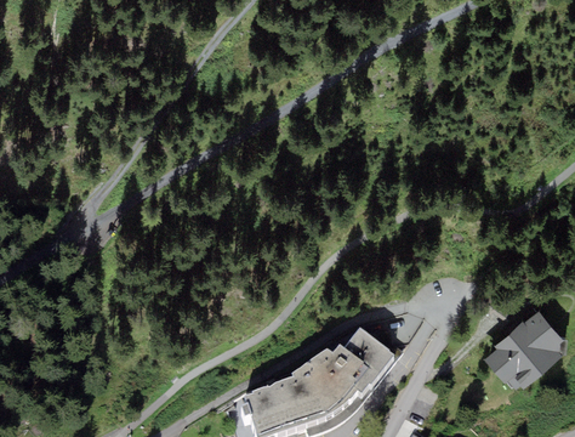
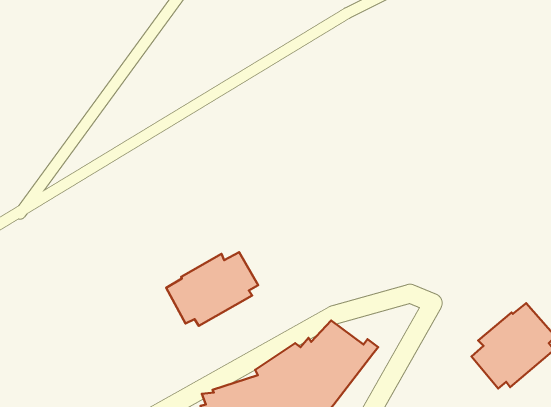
building: none -> [166,252,258,326]

